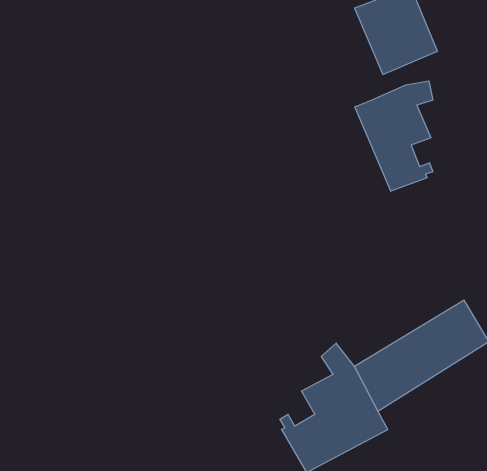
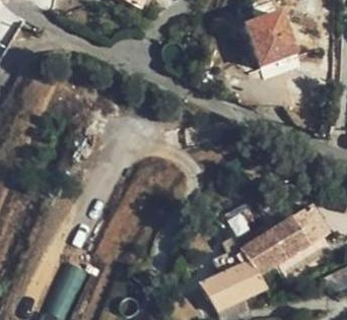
building: [355,81,433,191] -> none

